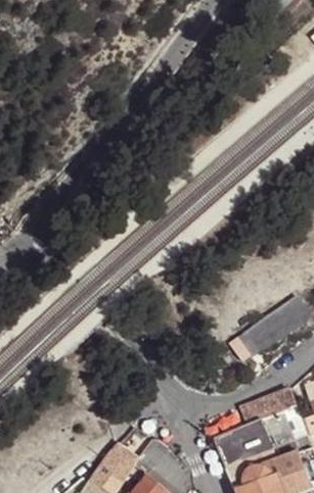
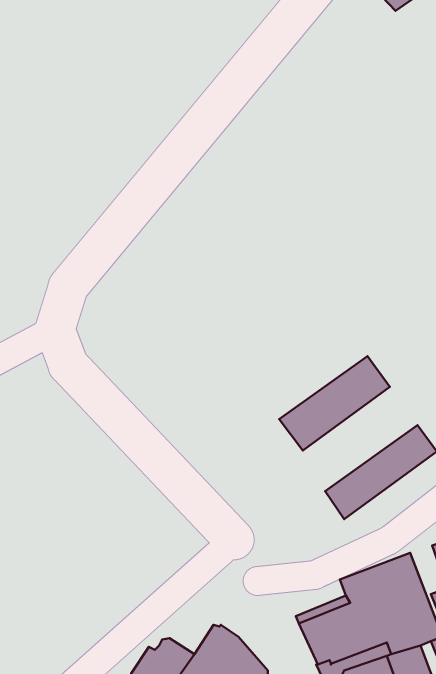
building: none -> [279,356,390,451]

